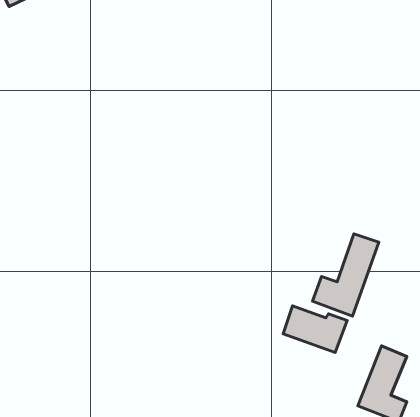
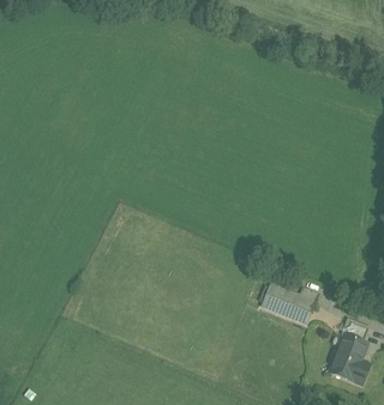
building: [313,234,379,316] -> none

